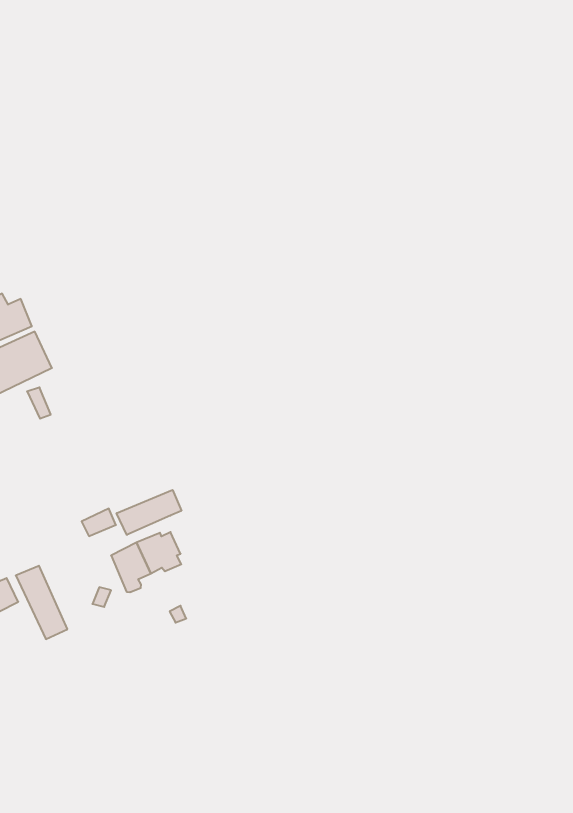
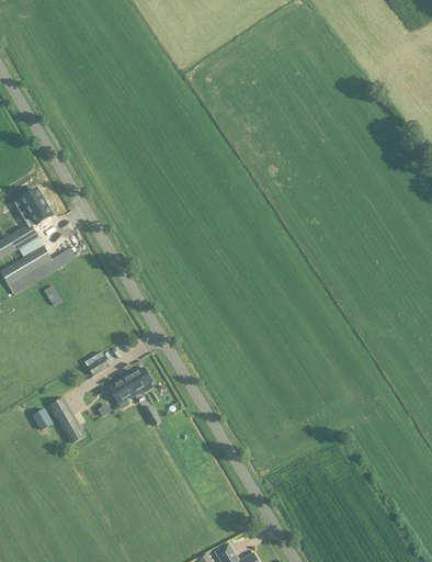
building: none -> [23,193,50,226]
building: [117,490,181,535] -> none

